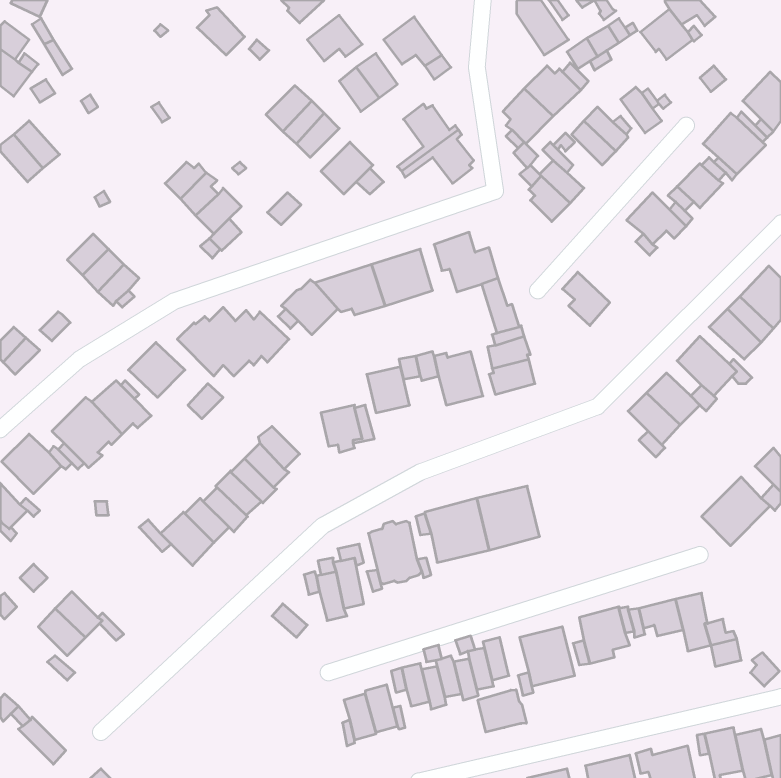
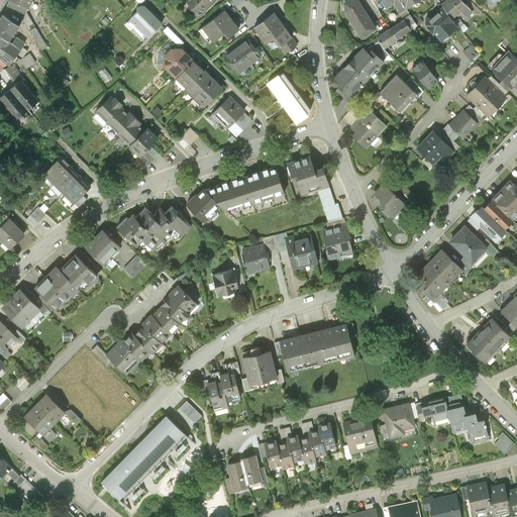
building: none -> [165,46,195,78]
building: none -> [96,96,124,123]
building: none -> [101,413,190,502]
building: [478,690,526,732] -> none

